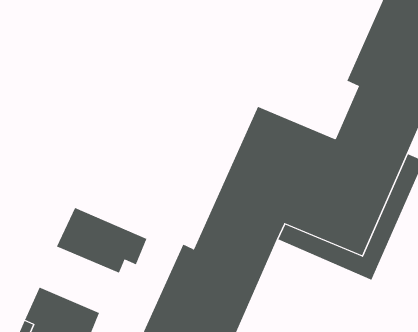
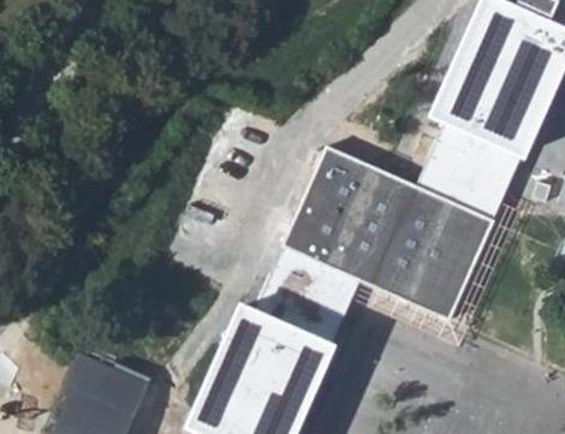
building: [56,207,147,274] -> none

